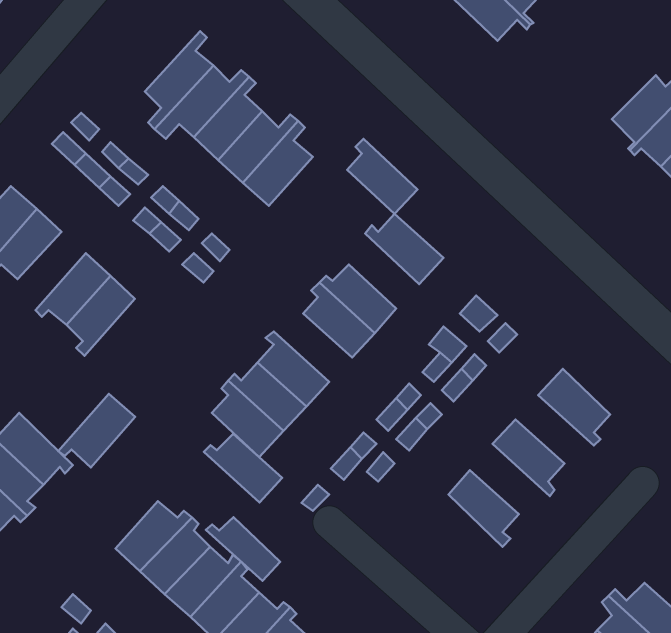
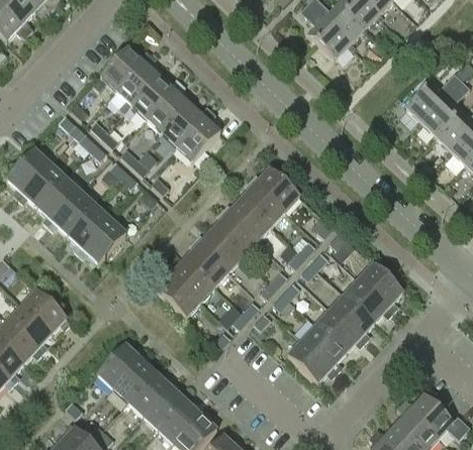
building: none -> [91,45,150,92]
building: [347,139,417,214] -> [242,178,285,224]
building: none -> [36,177,79,225]
building: [58,394,135,467] -> [78,218,125,263]
building: none -> [345,277,393,320]
building: [204,434,282,502] -> [195,227,244,269]
building: none -> [316,308,366,351]
building: none -> [288,339,337,382]
building: [206,517,280,581] -> none

